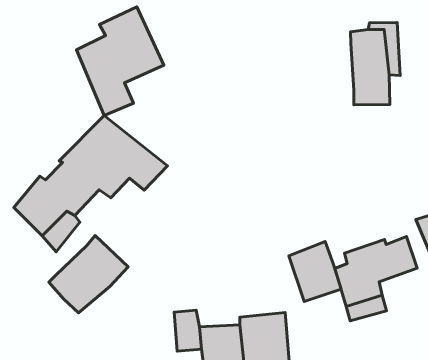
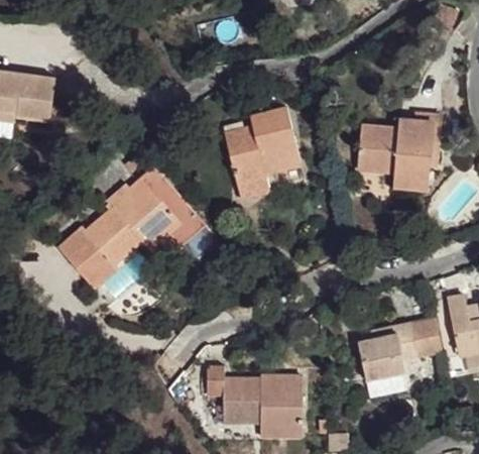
building: [76,7,164,116] -> [227,101,308,200]
building: none -> [360,127,399,176]
building: [49,236,128,313] -> none
building: [289,241,341,301] -> none

